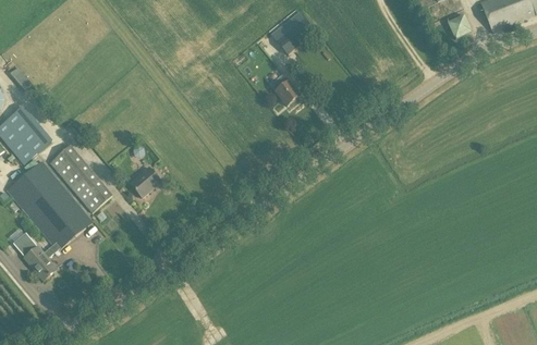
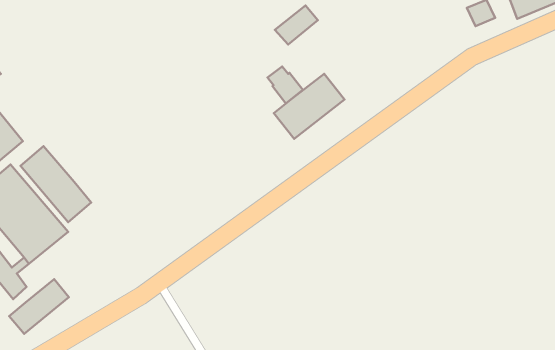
building: none -> [274,74,345,139]
building: [130,167,160,197] -> none
building: none -> [9,279,69,334]

